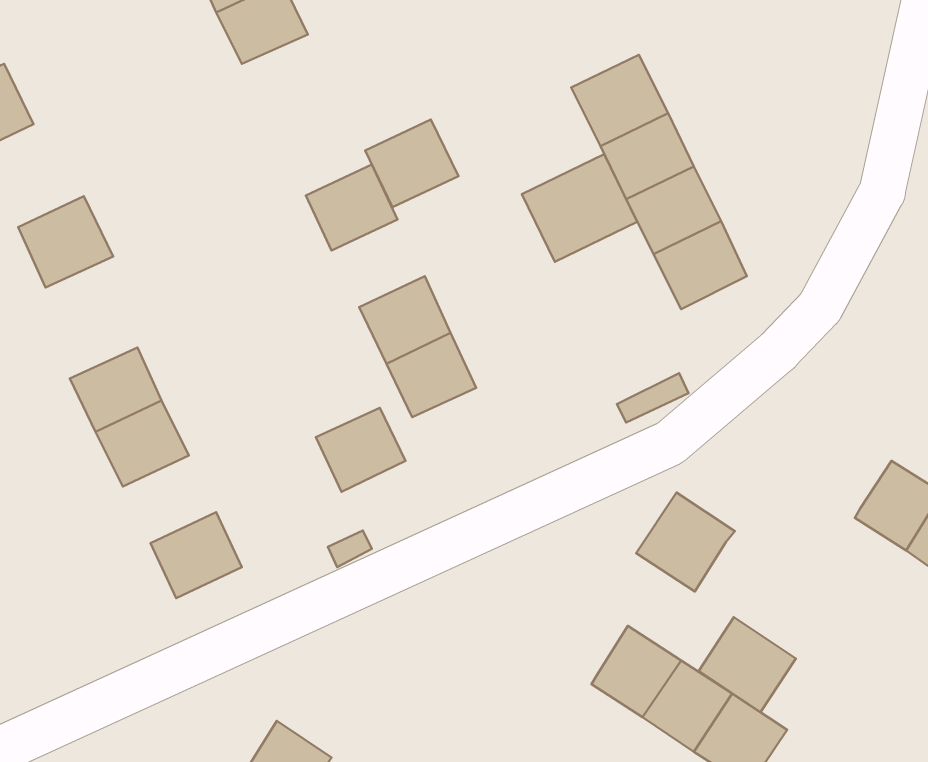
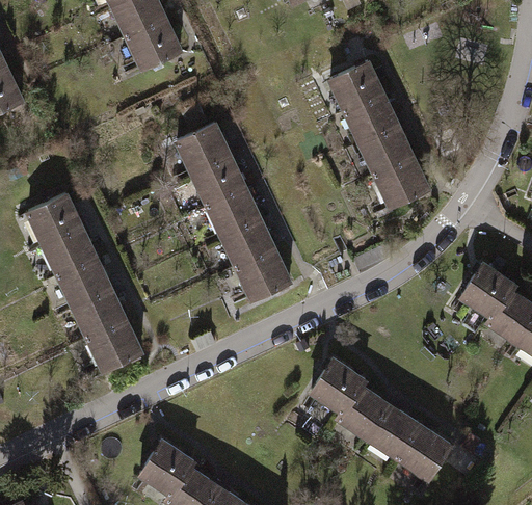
building: [365,119,458,207] -> [192,156,245,206]
building: [522,154,637,262] -> none
building: [18,196,113,288] -> [28,194,82,246]
building: [316,408,406,492] -> [238,251,289,299]
building: none -> [459,265,514,320]
building: none -> [74,290,127,340]
building: [636,493,735,591] -> [310,358,366,415]
building: [699,617,796,712] -> none

